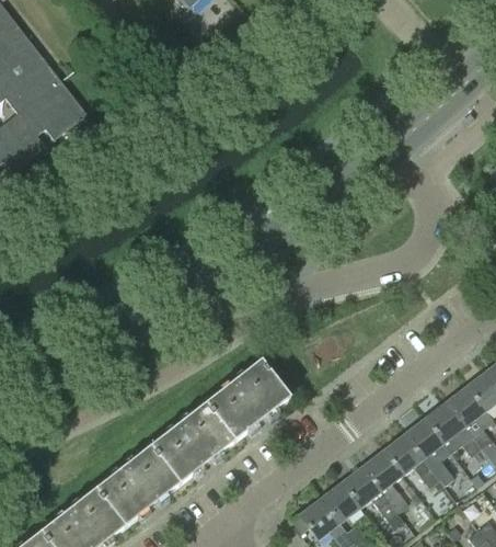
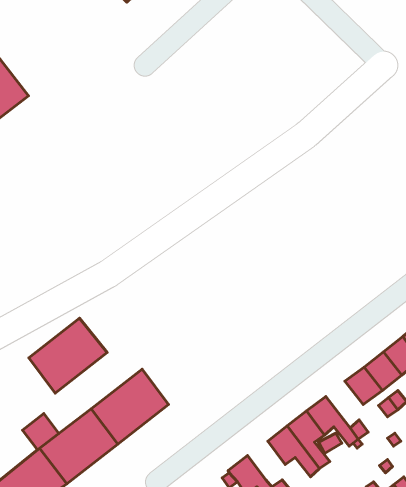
building: [205,362,289,443] -> [29,318,107,393]
building: [403,418,443,459] -> none
building: none -> [22,414,59,450]
building: [319,482,359,524] -> none

